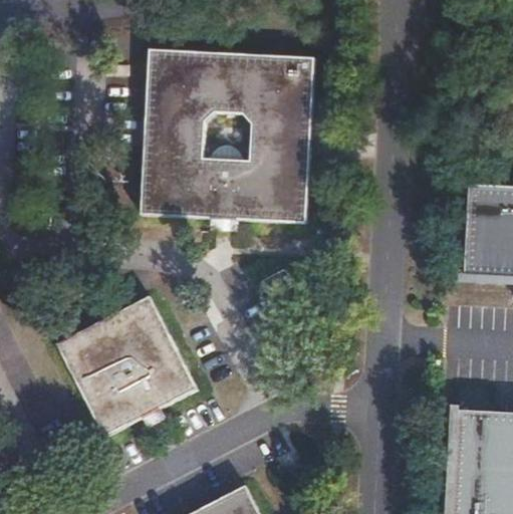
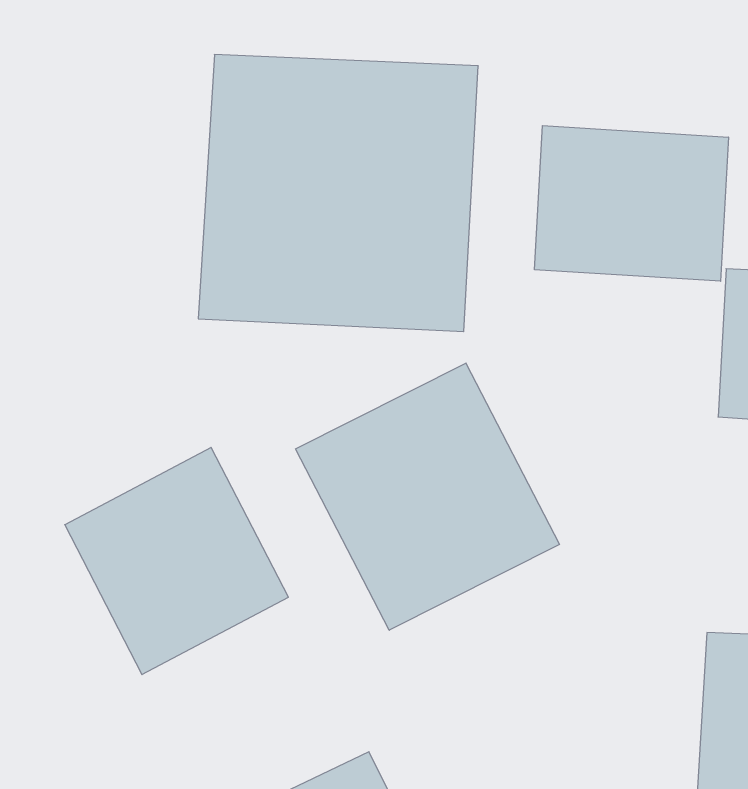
building: none -> [535,126,728,281]
building: none -> [296,363,559,630]

